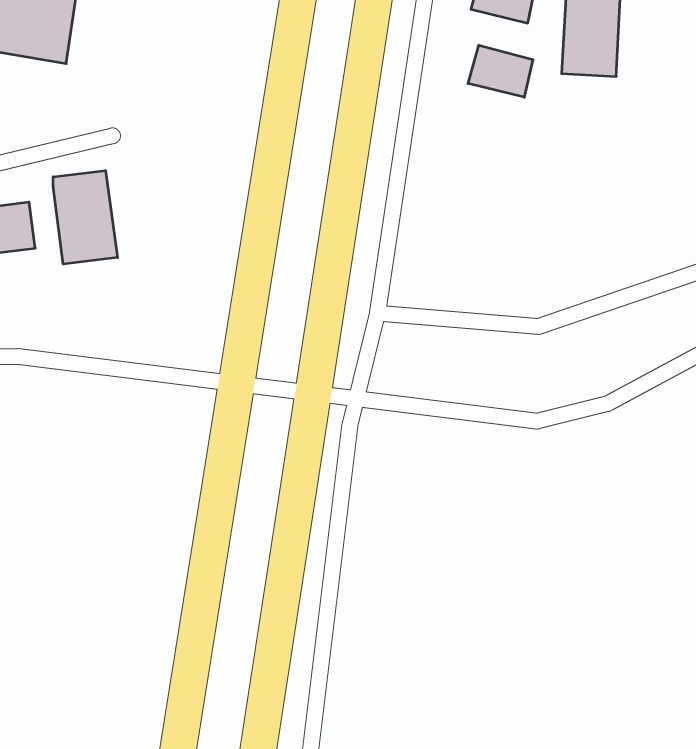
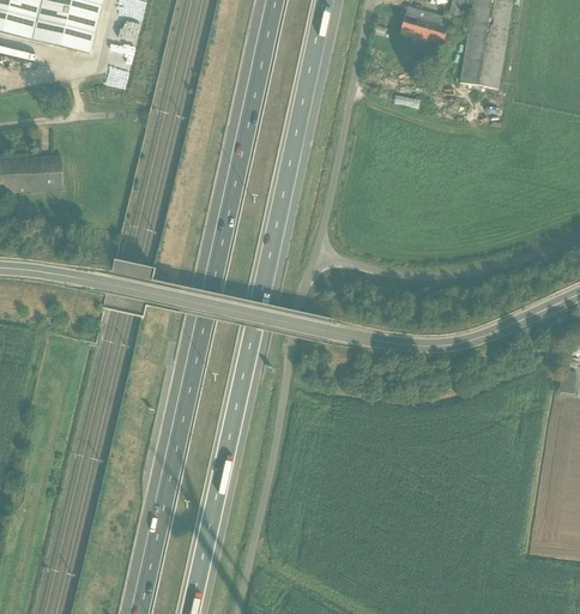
building: [468,45,533,97] -> none
building: [53,171,118,264] -> none

